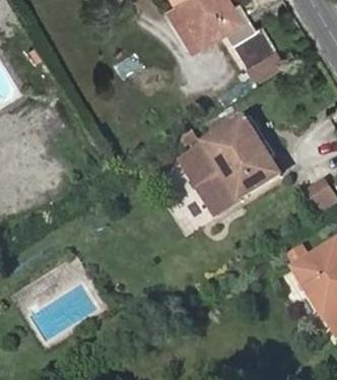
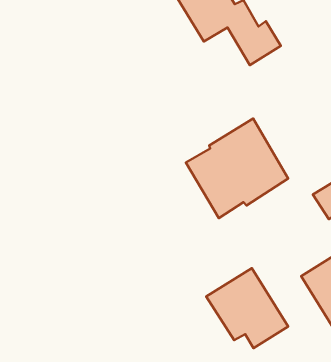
building: [241,47,283,85] -> none
building: none -> [206,268,288,348]

